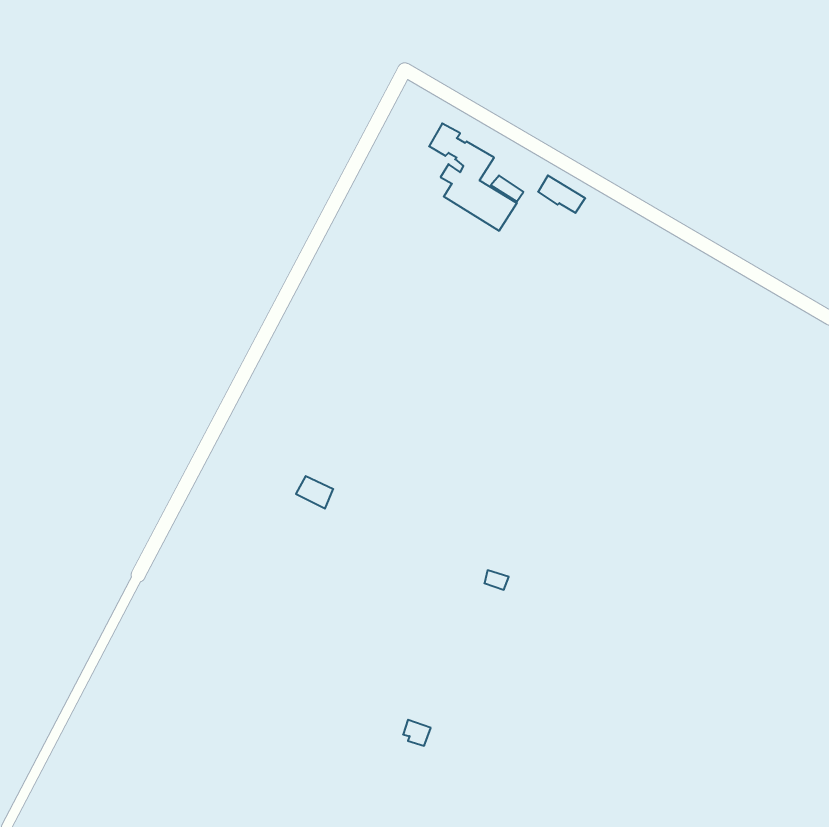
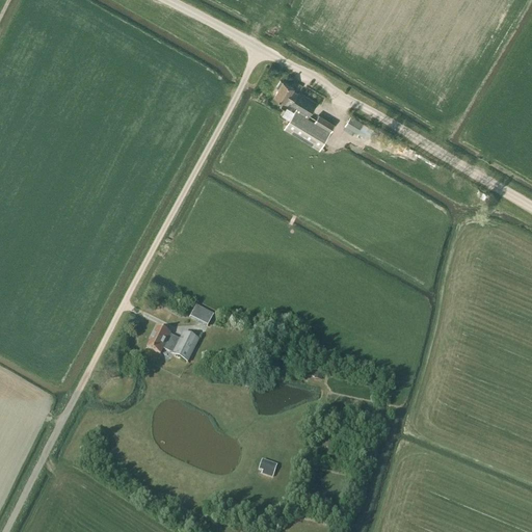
building: none -> [148,326,200,362]

